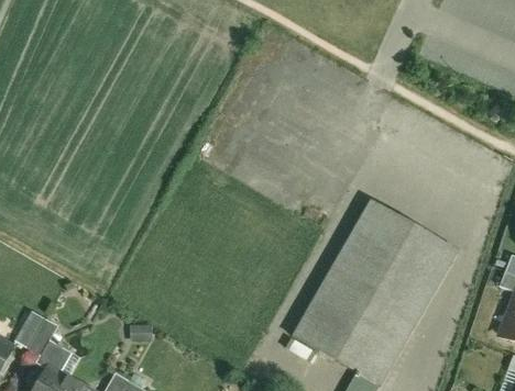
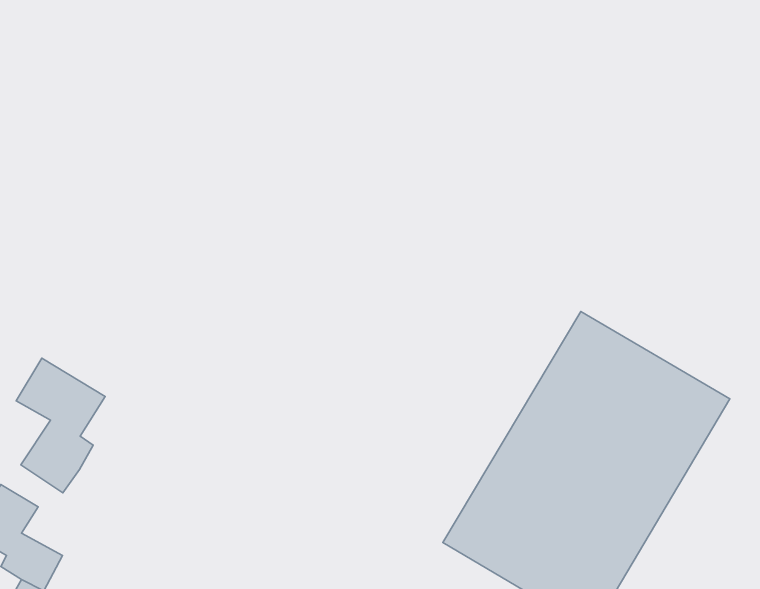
building: none -> [16,358,105,493]

